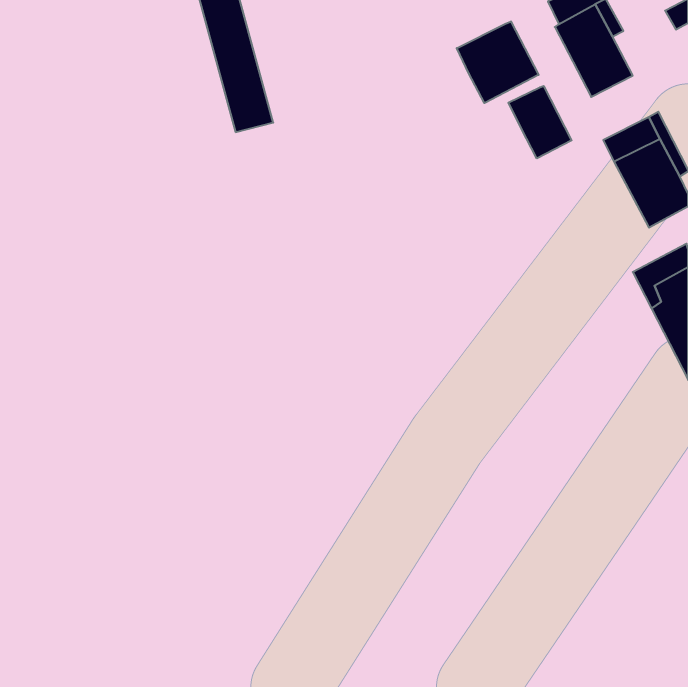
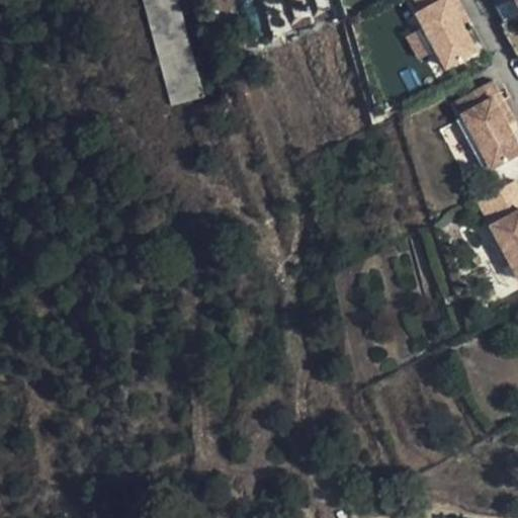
building: [457,21,539,103] -> none
building: [508,86,572,158] -> none

